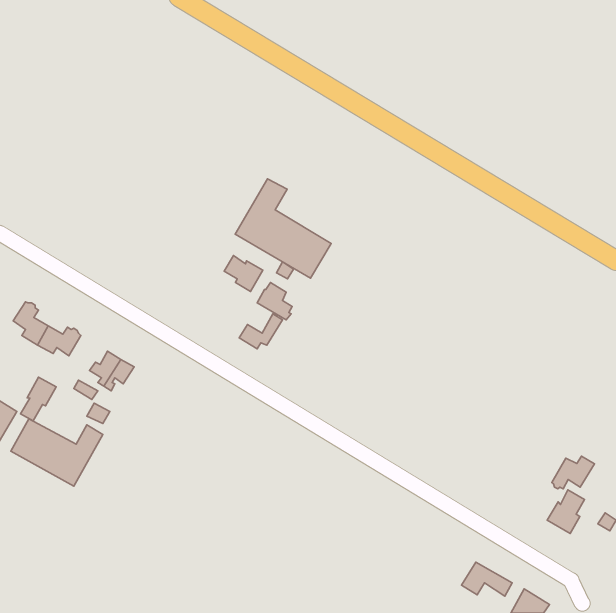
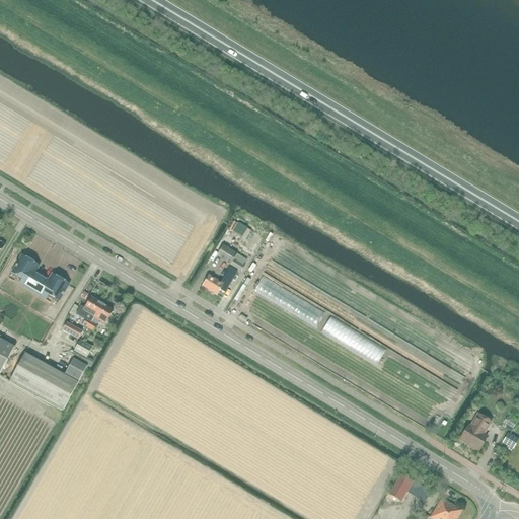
building: [235,179,331,278] -> none
building: [224,256,263,291] -> none
building: [20,377,56,421] -> none
building: [552,456,594,489] -> none

